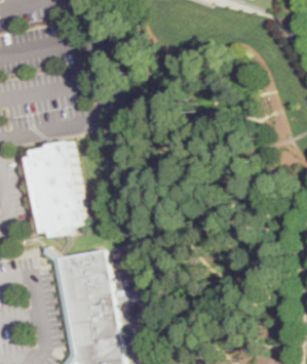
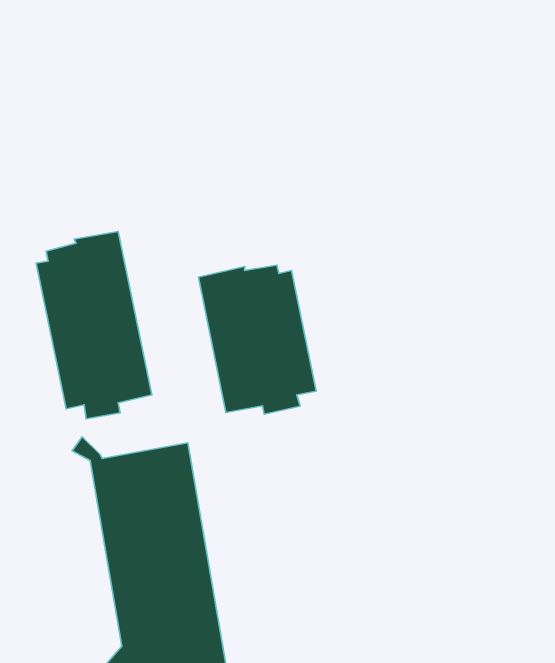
building: none -> [198,265,316,414]

